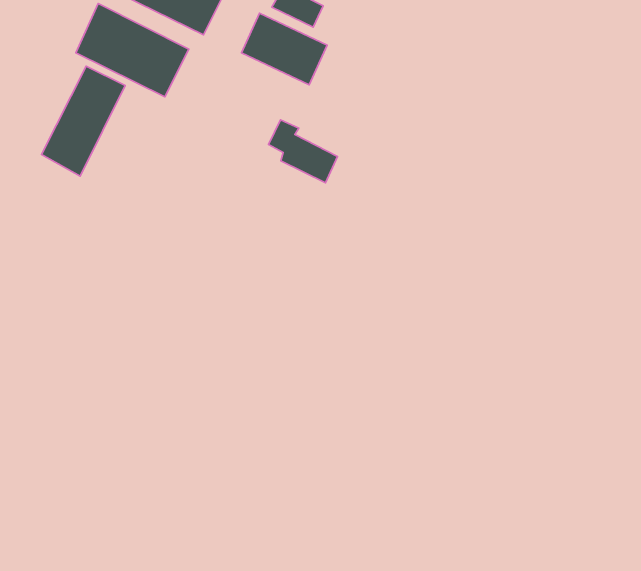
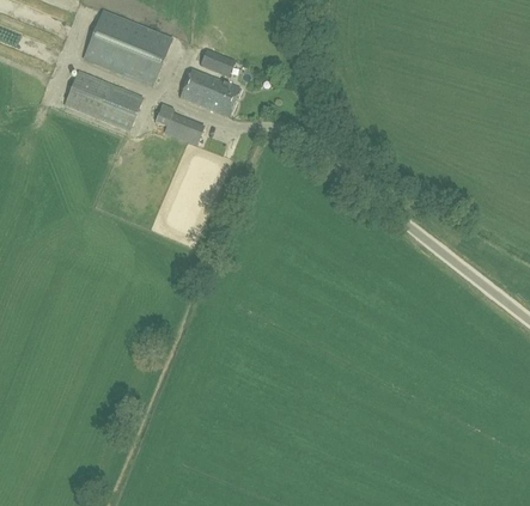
building: [42,66,125,176] -> none
building: [268,120,338,183] -> [154,103,203,145]

